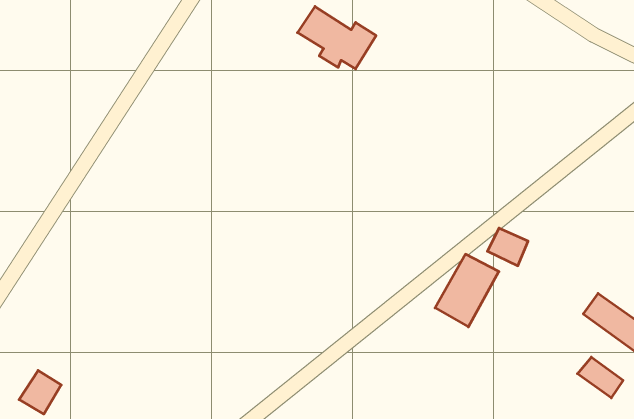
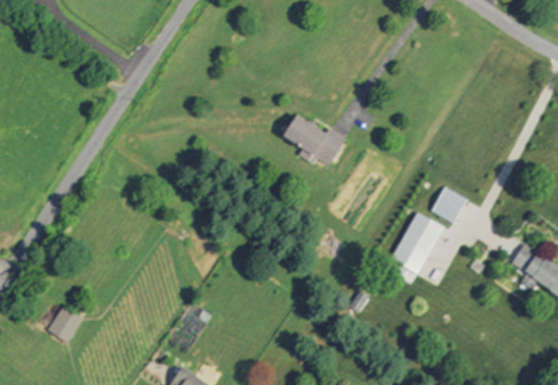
building: [297,6,376,69] -> [281,114,346,166]
building: [577,357,623,398] -> none

